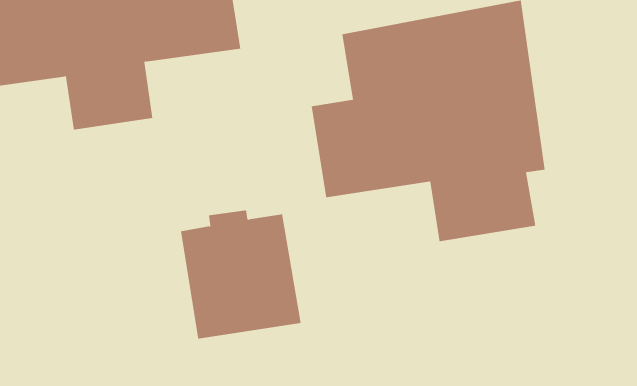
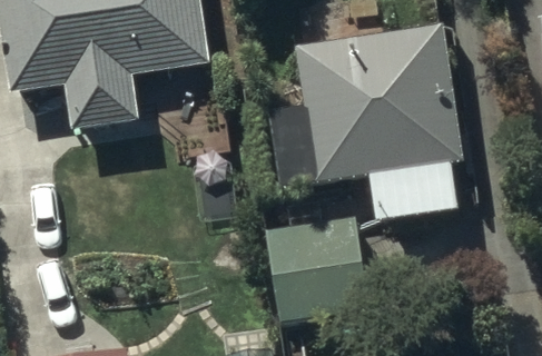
building: [180,210,302,339] -> [264,214,365,322]

